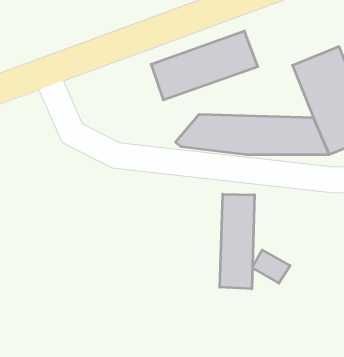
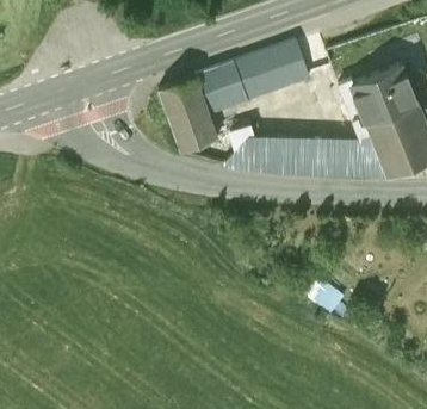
building: none -> [160,80,219,155]
building: [220,194,254,289] -> none

